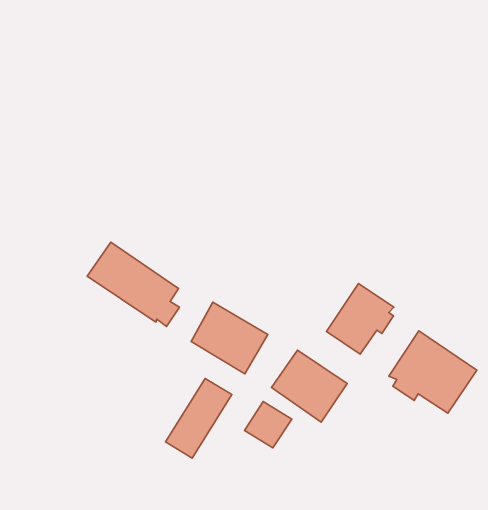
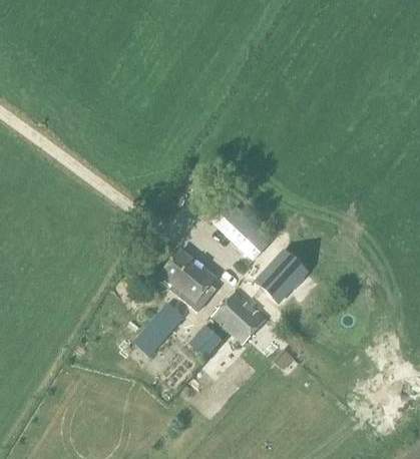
building: [87,242,180,326] -> [212,200,274,265]
building: [389,331,477,413] -> none

